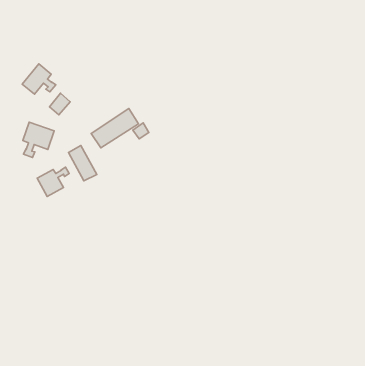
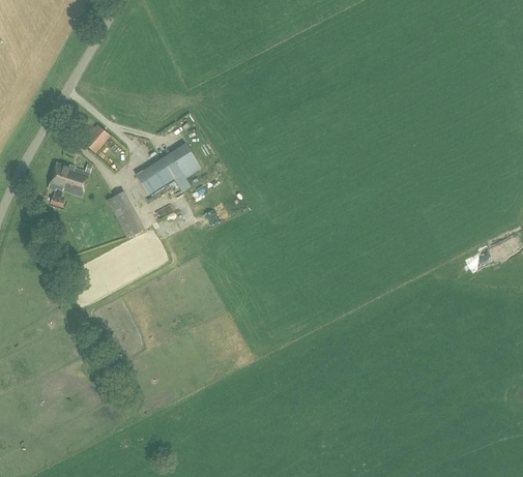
building: [22,64,56,94] -> none
building: [37,167,69,196] -> none

